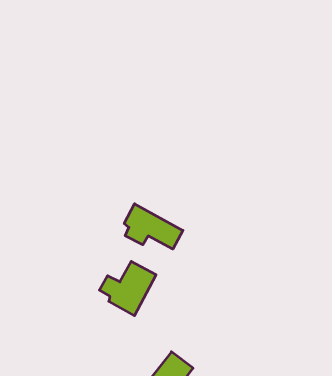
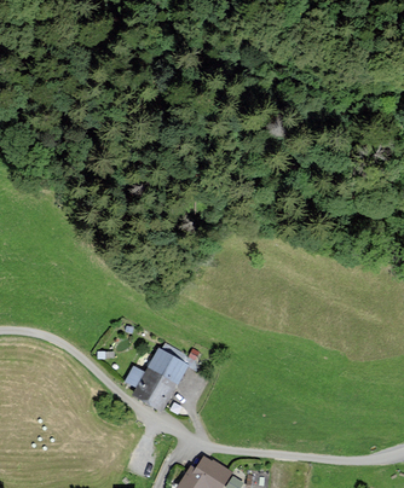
building: [124,204,183,249] -> none

